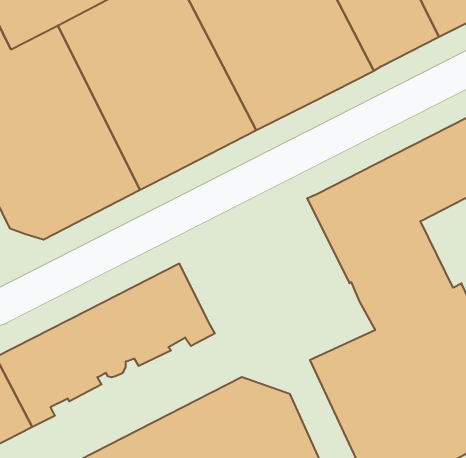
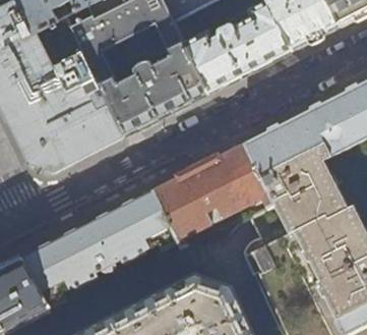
building: none -> [151,143,273,246]

